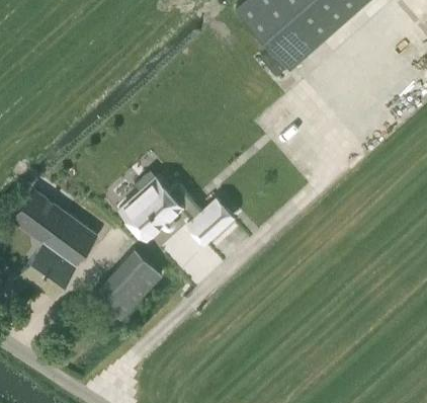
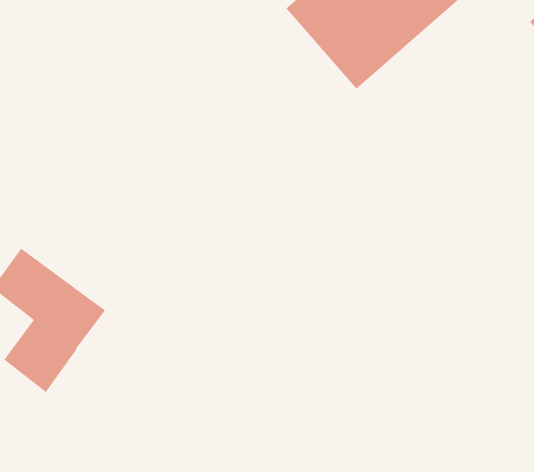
building: [120,174,237,245] -> none
building: [96,253,161,318] -> none

